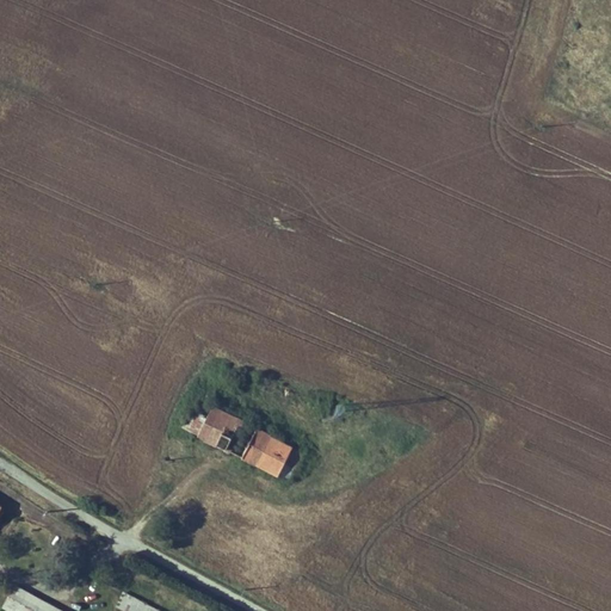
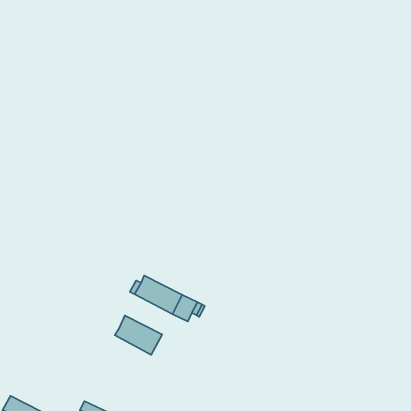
building: none -> [115,316,162,355]

